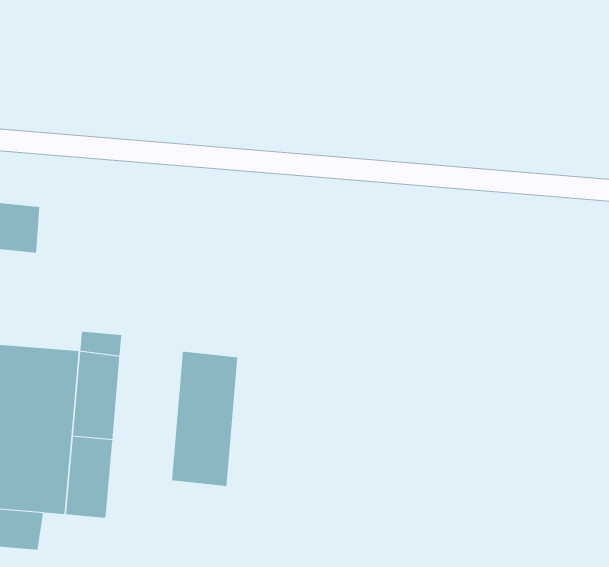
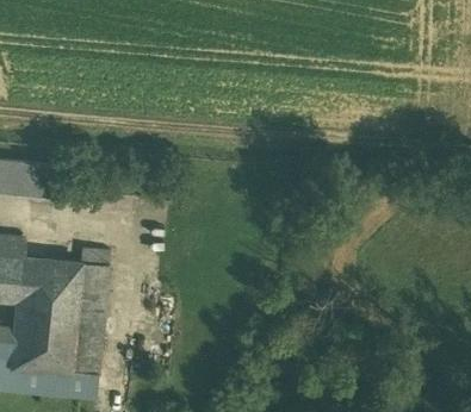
building: [172,351,238,487] -> none
building: none -> [52,372,97,399]

